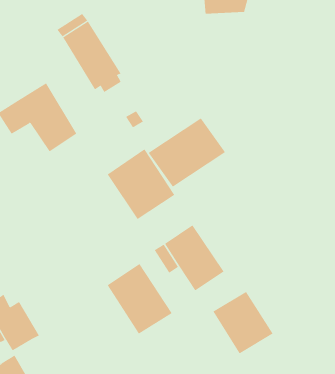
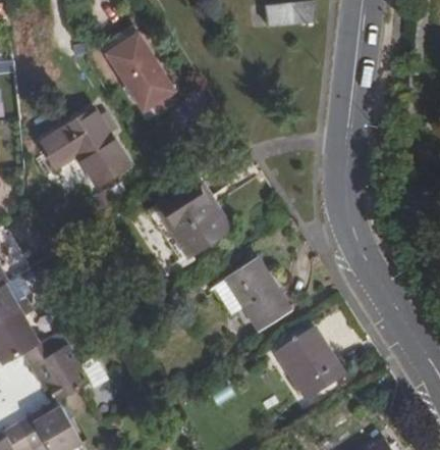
building: [148,118,226,188] -> none
building: [107,263,173,335] -> none

